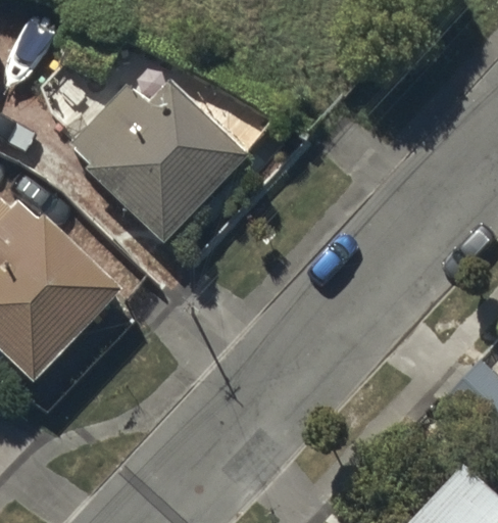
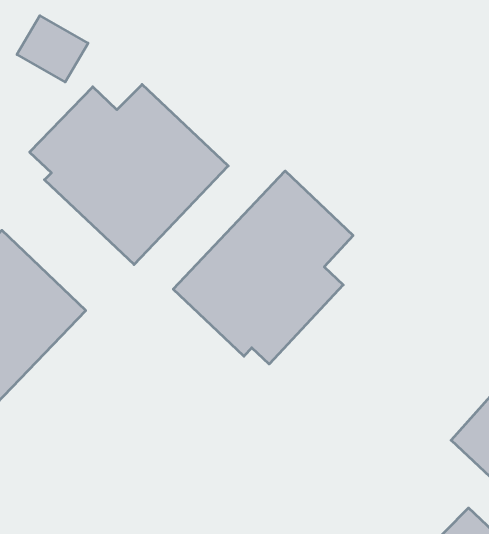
building: none -> [173,171,353,364]

